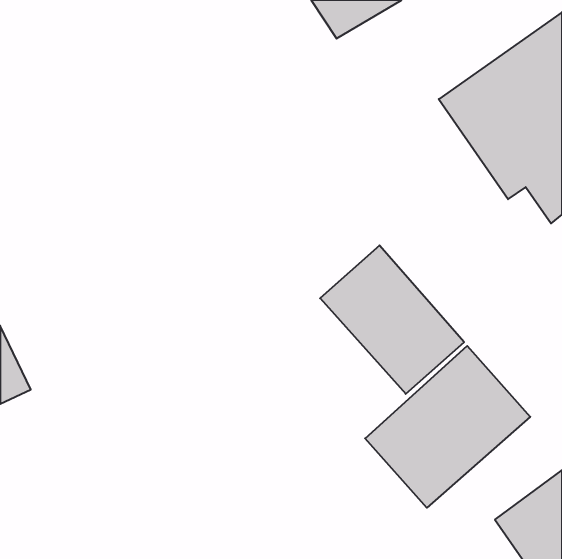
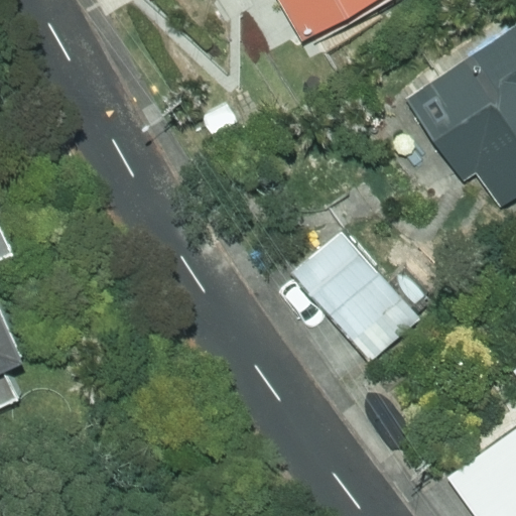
building: [365,346,530,508] -> none

